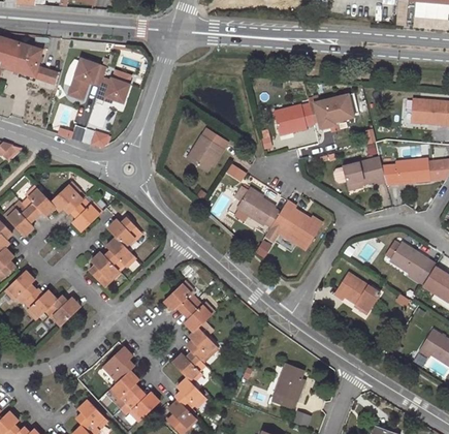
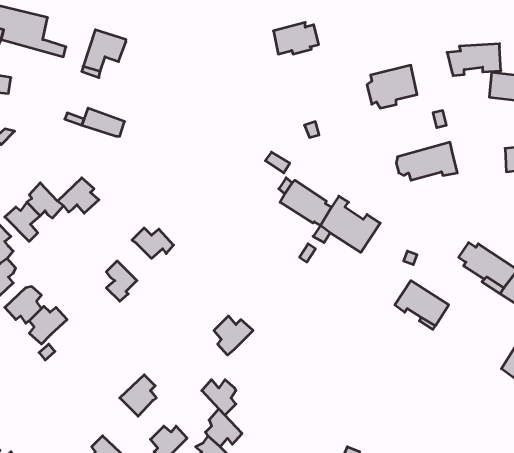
building: [97,69,134,103] -> none
building: [277,103,315,130] -> [273,22,319,54]
building: [187,127,227,168] -> none
building: [383,156,428,183] -> [447,44,501,76]
building: [71,203,103,235] -> none
building: [106,239,135,271] -> none
building: [163,282,194,313] -> none
building: [44,302,81,329] -> none
building: [185,329,220,362] -> none
building: [267,363,303,408] -> none
building: [109,372,139,405] -> none

